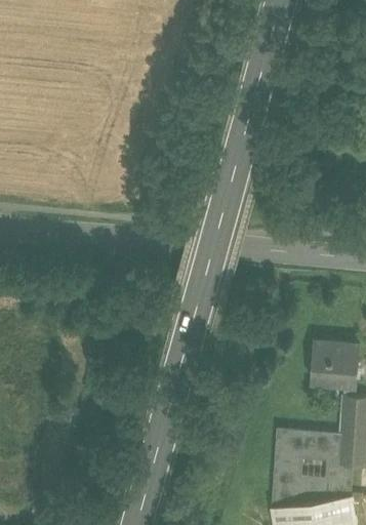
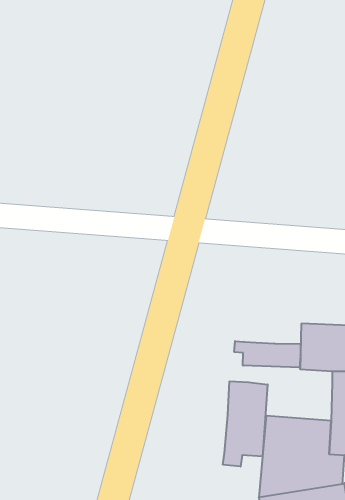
building: none -> [234,341,301,368]
building: none -> [223,381,268,467]

